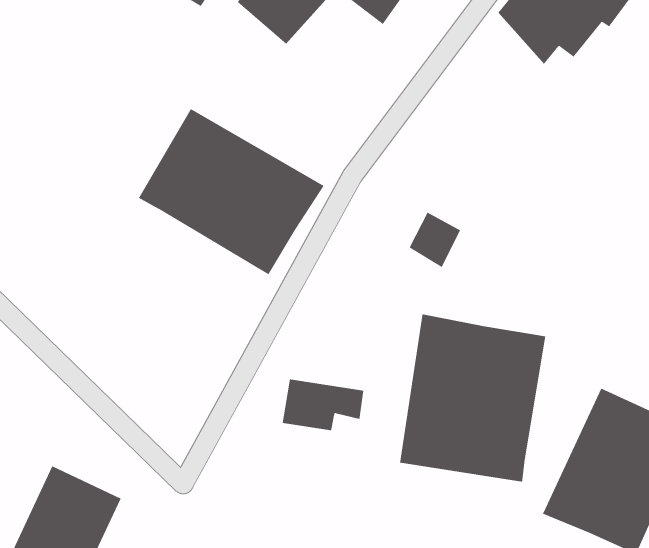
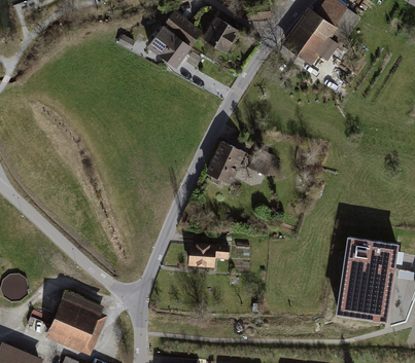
building: [138,108,324,275] -> none
building: none -> [205,139,244,184]
building: [400,314,546,483] -> none

